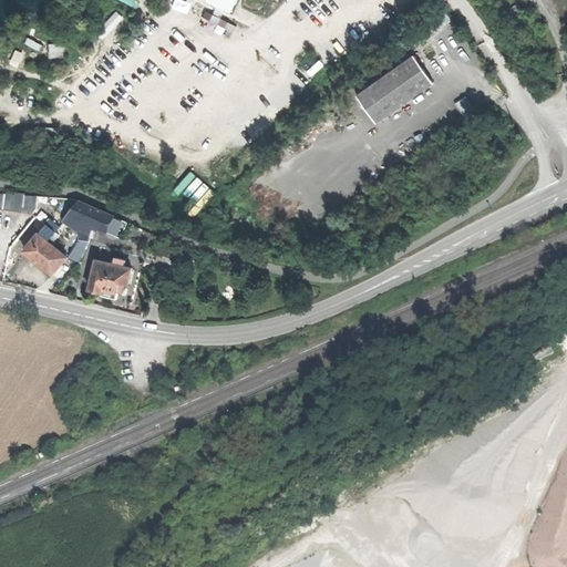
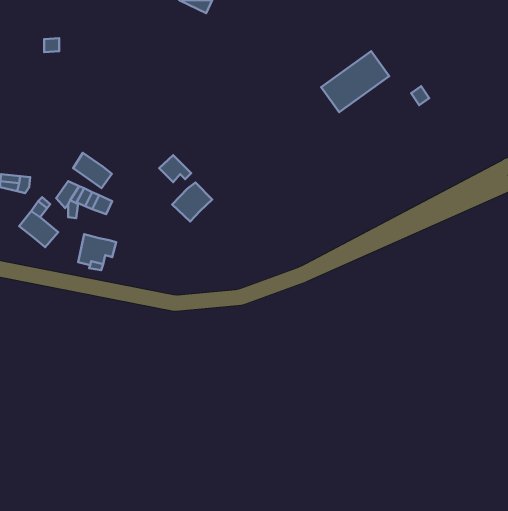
building: none -> [73,153,112,188]
building: none -> [172,182,212,222]

